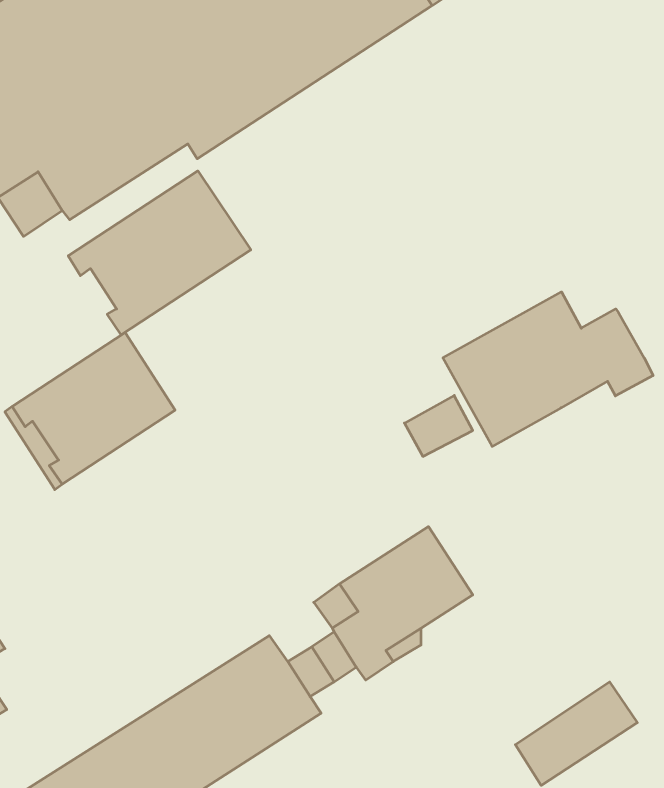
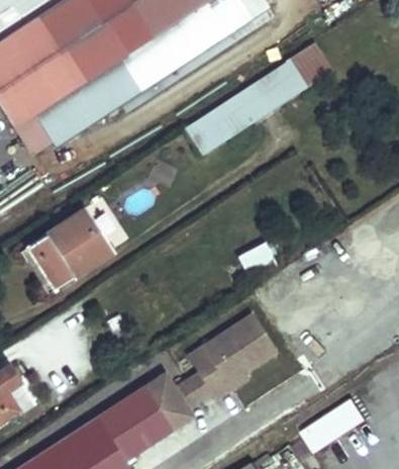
building: none -> [187,42,330,153]
building: [68,171,251,335] -> none
building: [443,292,653,446] -> none

